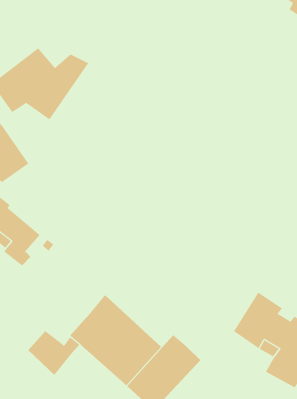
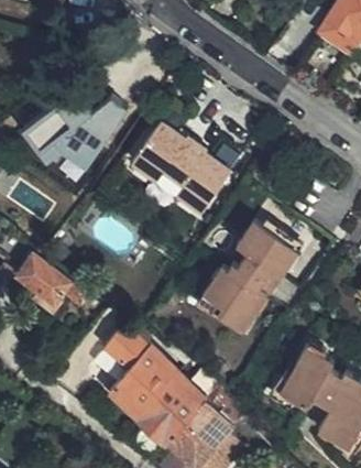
building: none -> [131,117,232,209]
building: none -> [204,222,300,333]
building: [27,330,80,376] -> [96,324,152,372]

